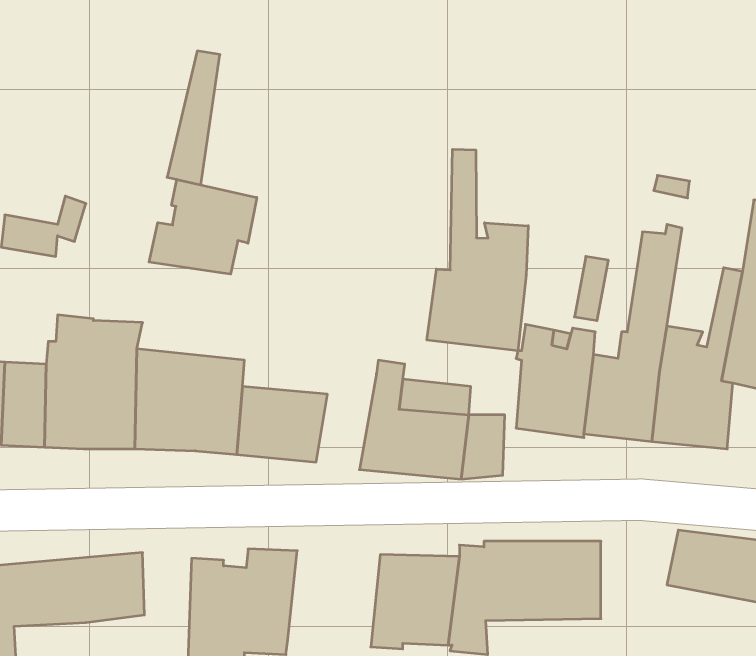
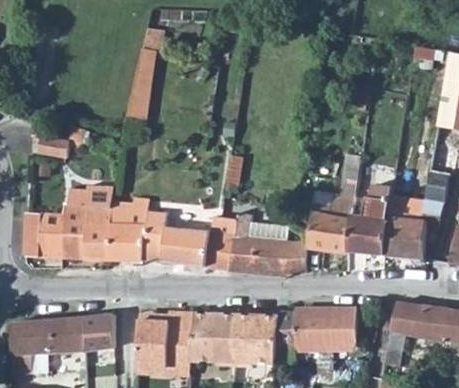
building: [427,149,528,351] -> none
building: [149,179,257,274] -> none
building: none -> [205,216,237,270]
building: none -> [190,313,239,364]

